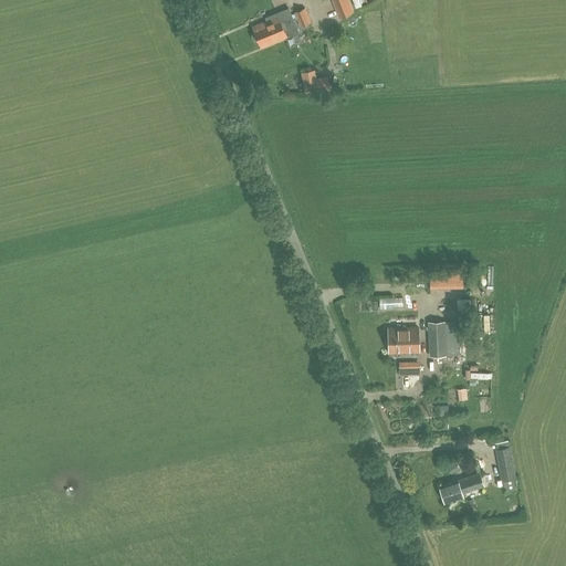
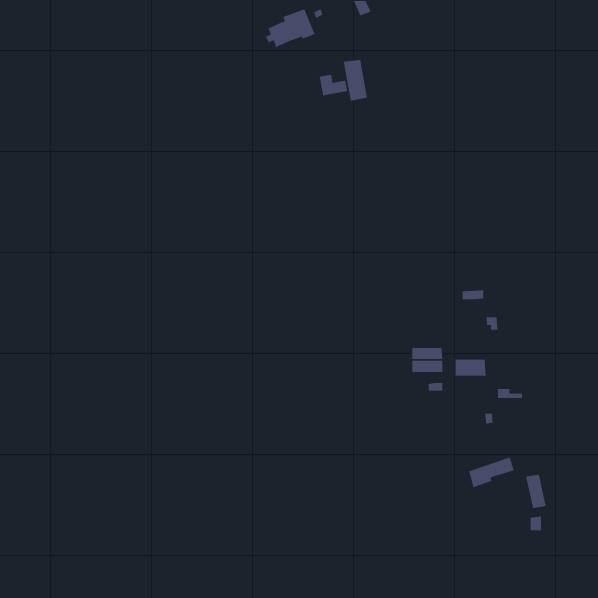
building: none -> [343,59,368,101]
building: [428,323,458,339] -> none
building: [439,473,483,503] -> [468,457,515,488]

